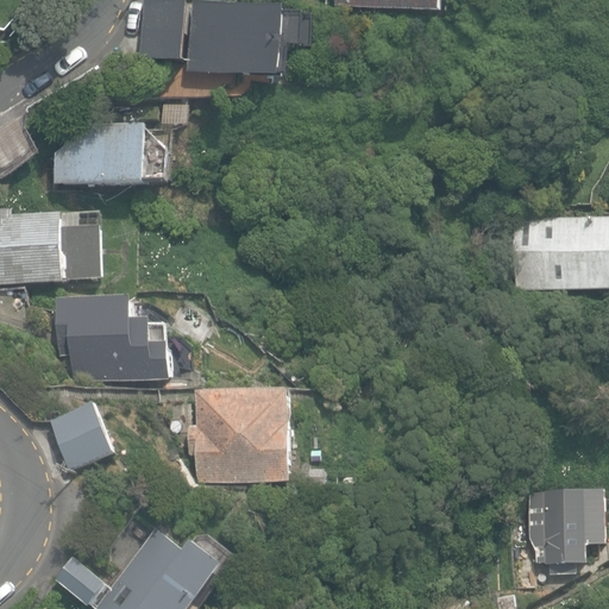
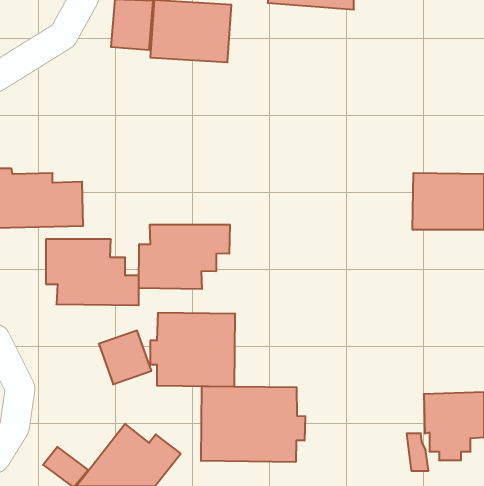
building: [57,125,149,187] -> none
building: none -> [139,225,230,289]
building: [50,403,115,470] -> [99,331,151,384]
building: none -> [201,386,305,462]

